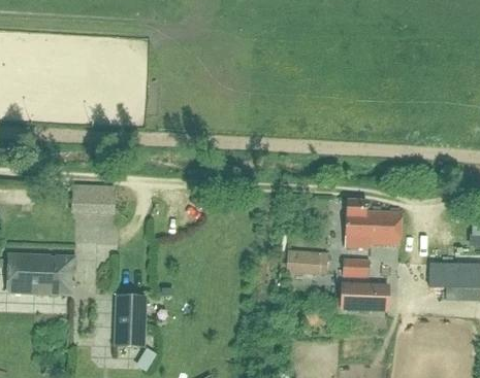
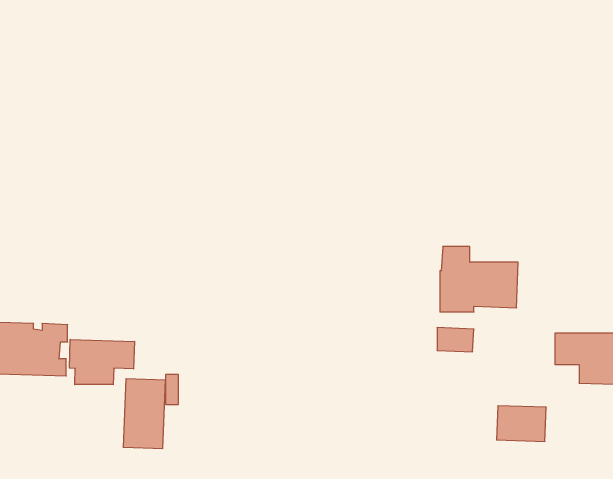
building: [280,250,327,273] -> none
building: none -> [69,339,135,385]
building: [341,283,377,309] -> [497,406,546,441]

